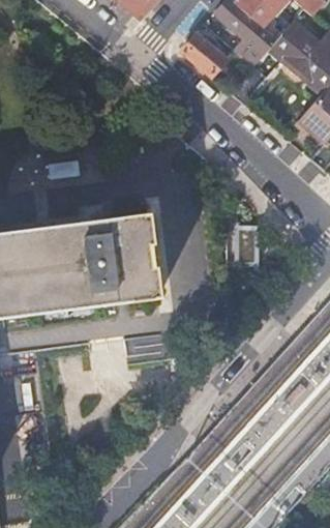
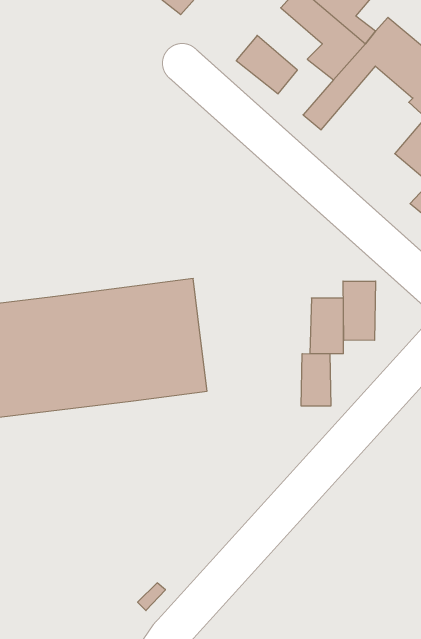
building: none -> [343,281,376,340]
building: none -> [301,354,331,406]

